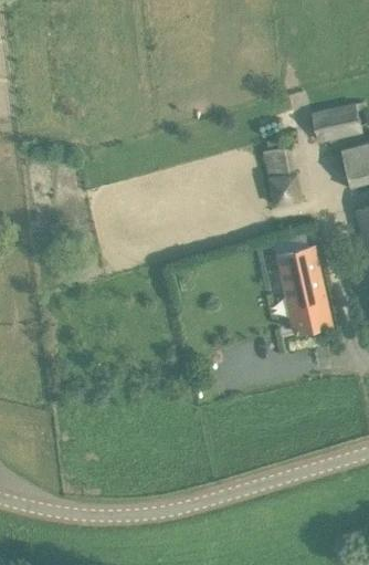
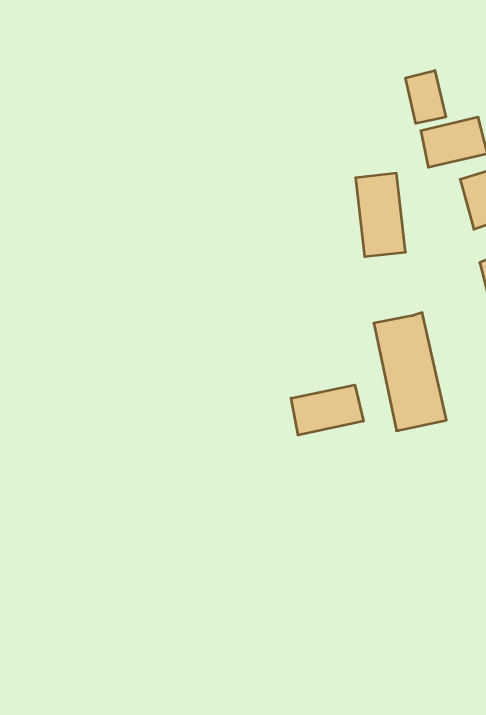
building: none -> [406,70,446,123]
building: none -> [291,385,363,435]

